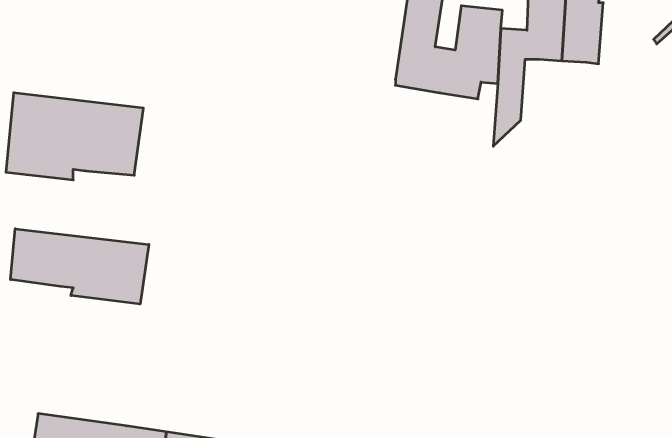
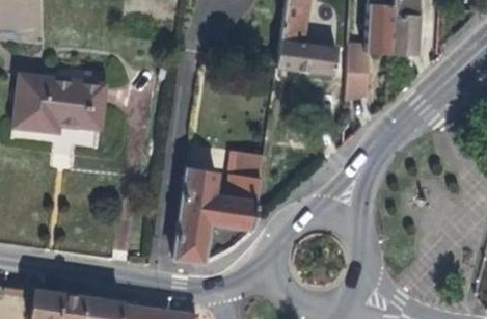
building: none -> [172,153,264,263]
building: [11,229,149,304] -> none

